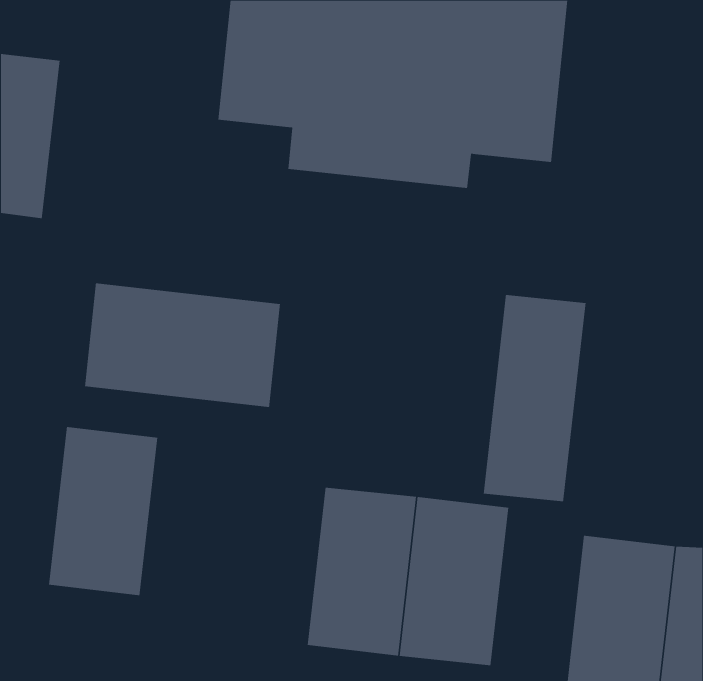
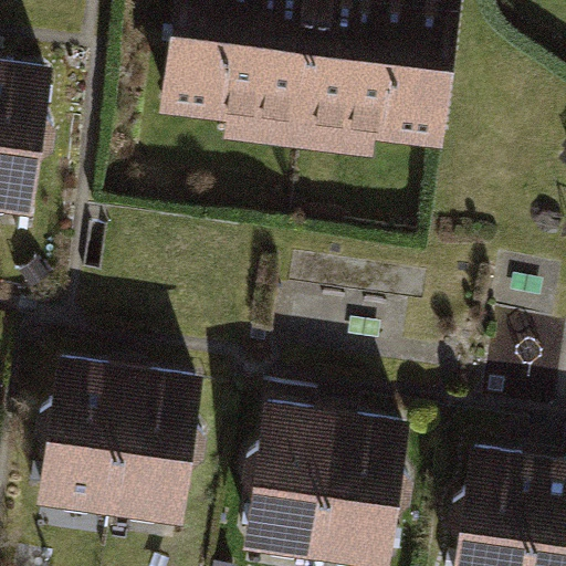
building: [84,283,281,408] -> none
building: [483,294,586,502] -> none
building: none -> [113,369,201,505]

